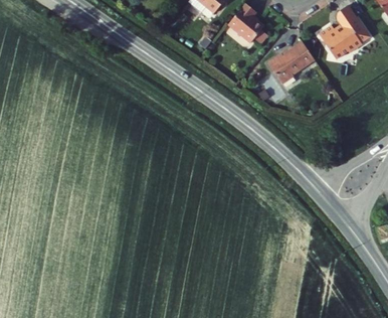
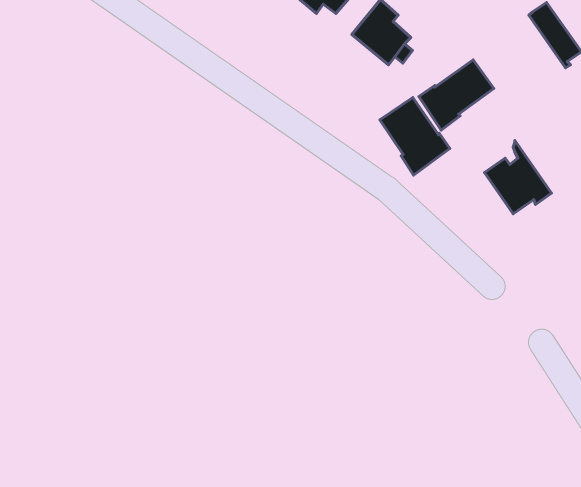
building: [319,13,361,59] -> [484,141,551,214]
building: none -> [380,98,450,175]

